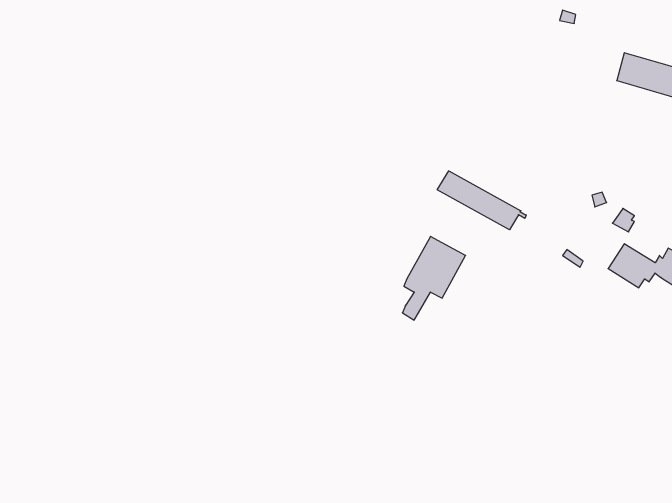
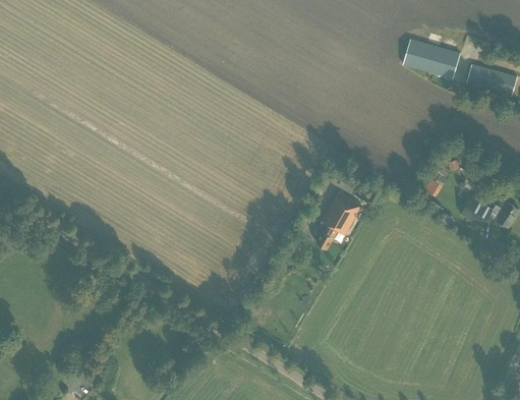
building: none -> [403,39,460,78]
building: [437,171,526,230] -> none

